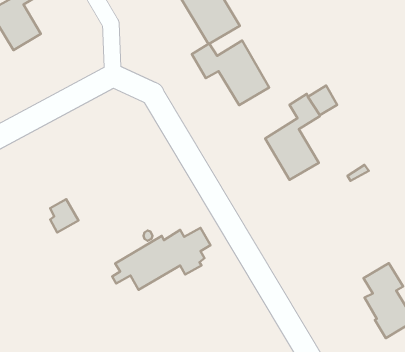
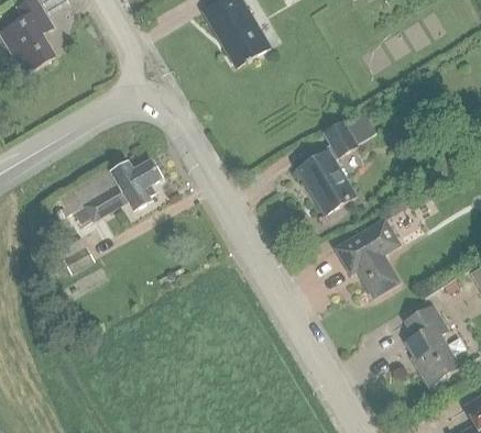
building: [192,40,269,105] -> none
building: none -> [335,219,398,298]
building: [112,228,211,290] -> [54,159,161,226]

